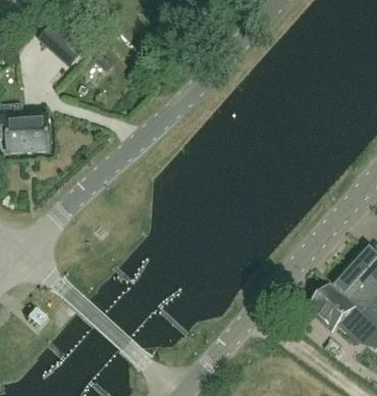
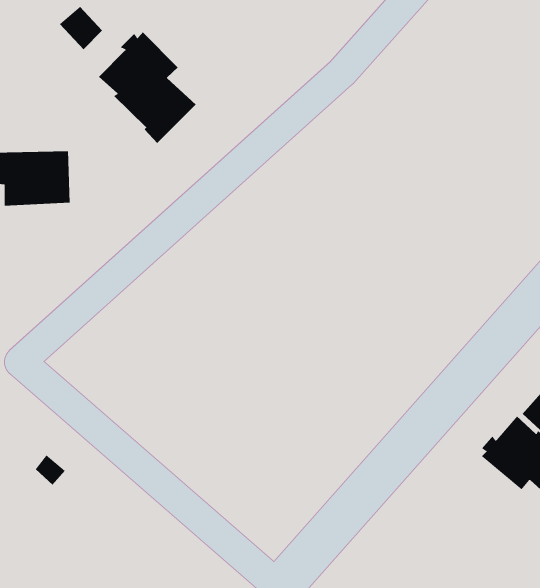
building: none -> [98,32,197,144]

